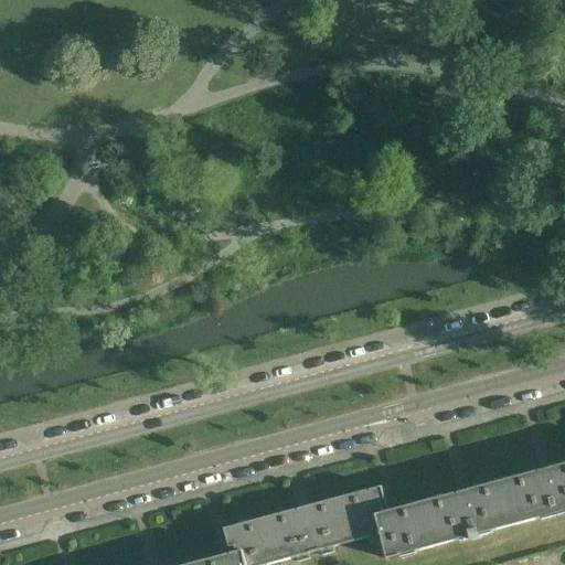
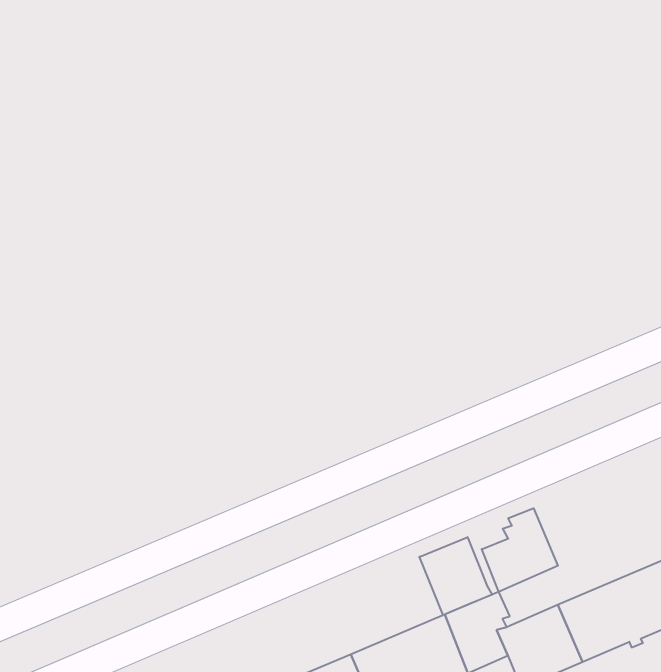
building: none -> [482,508,558,592]
building: none -> [419,537,492,615]

